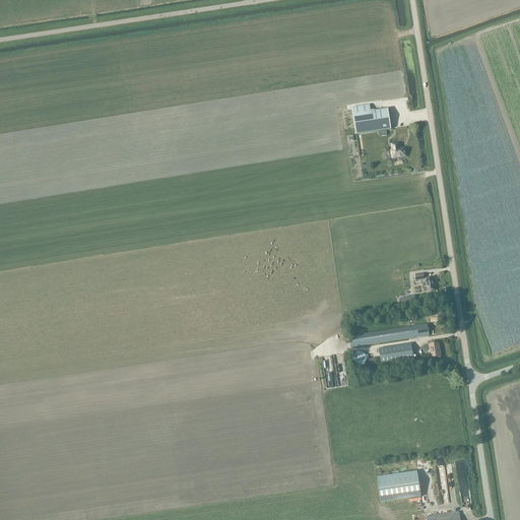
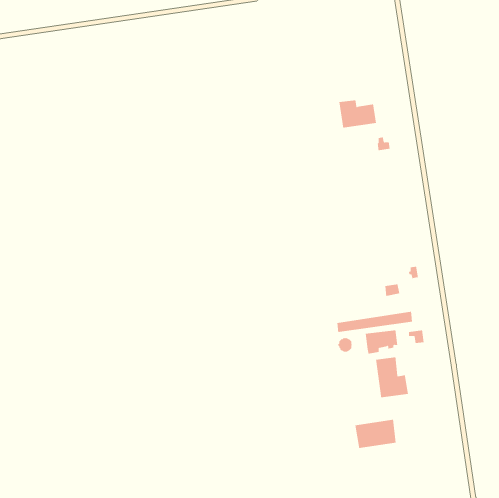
building: none -> [375,357,408,398]
building: [378,470,421,501] -> [355,419,397,449]

